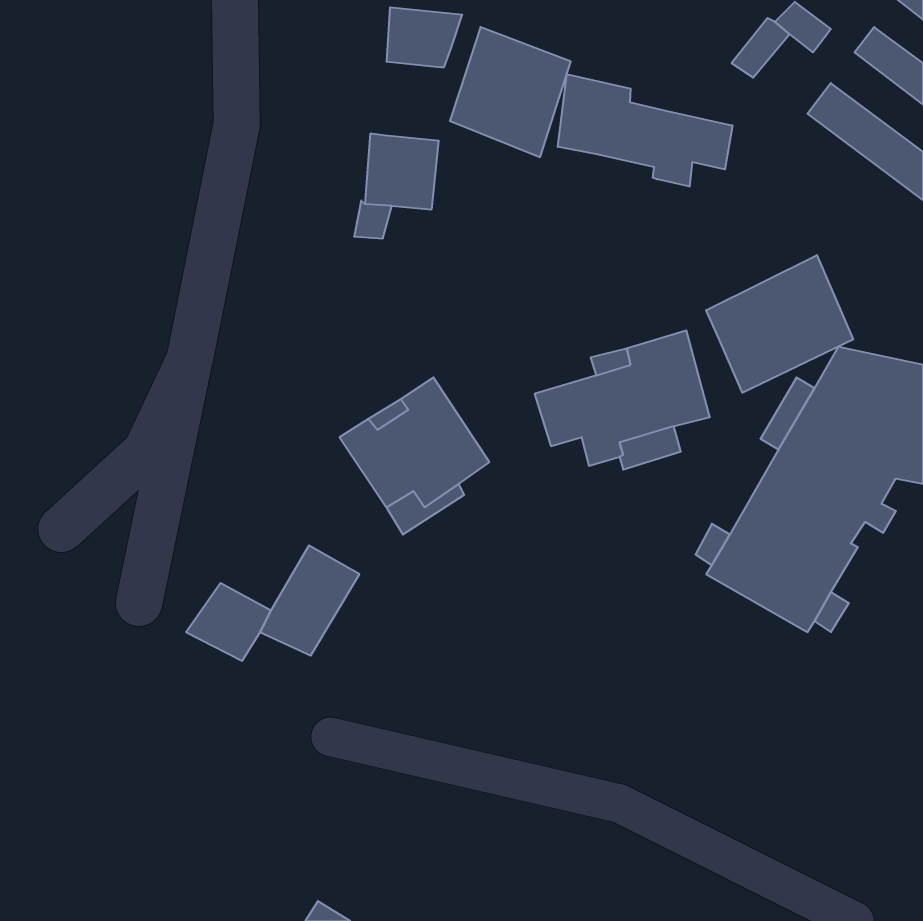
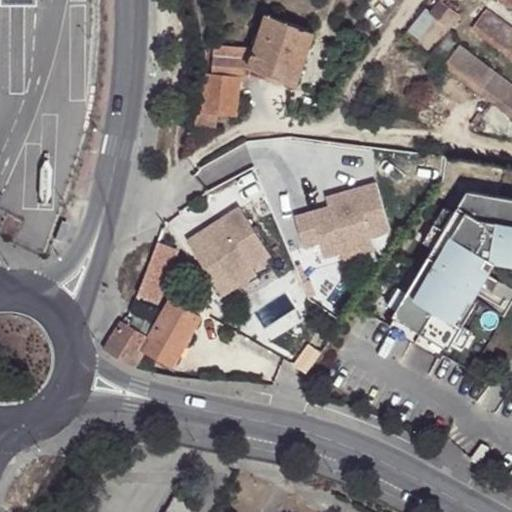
building: [386,7,462,67] -> [213,45,255,78]
building: [558,74,732,187] -> none
building: [706,255,853,393] -> none
building: none -> [137,241,175,301]

